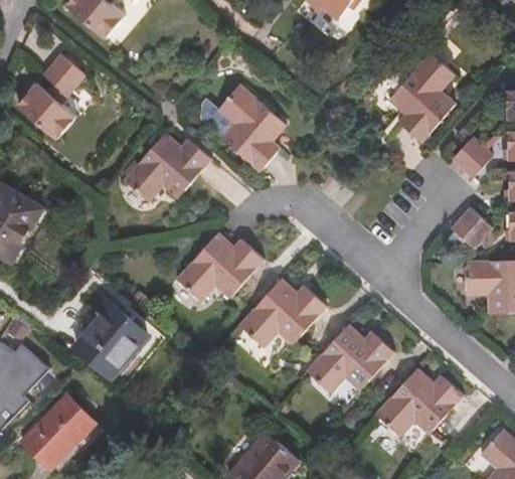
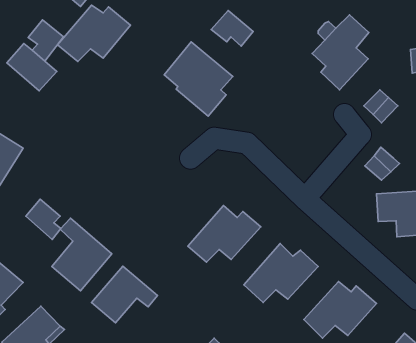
building: none -> [211,11,253,46]
building: [130,137,216,204] -> [58,5,130,62]
building: [175,231,262,300] -> none
building: none -> [26,199,61,240]
building: none -> [92,266,157,323]

